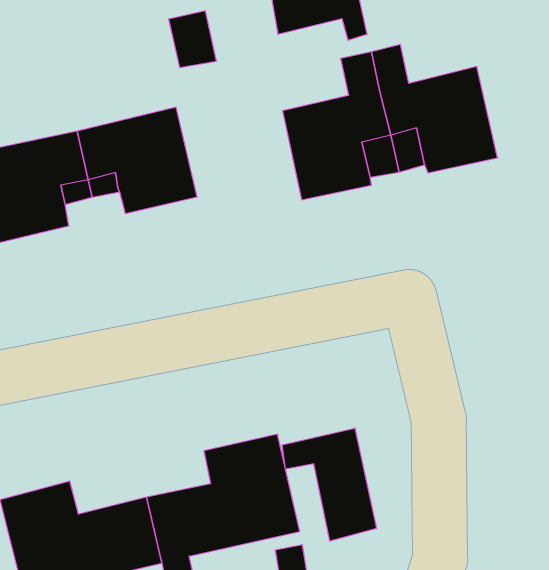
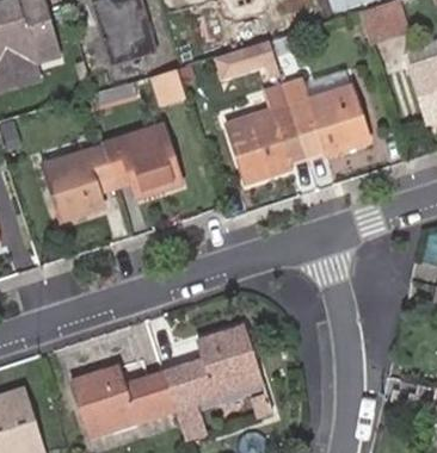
building: [282,428,376,541] -> none

